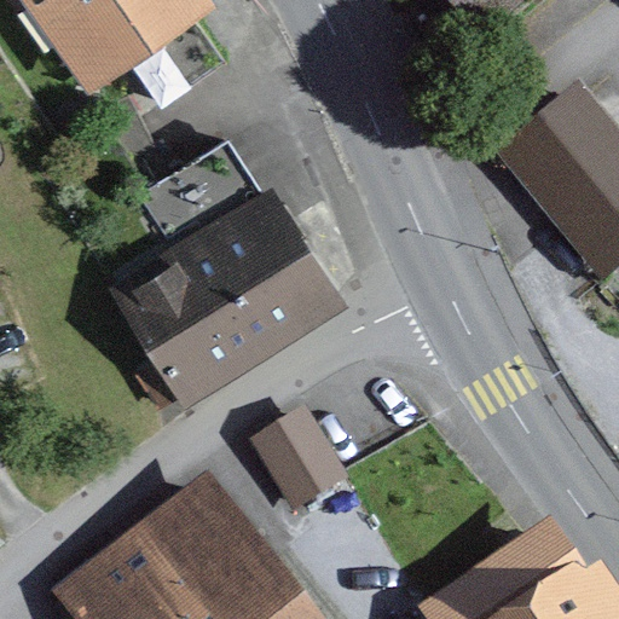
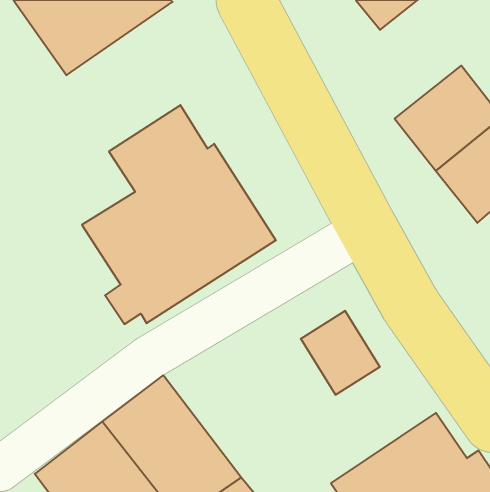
building: [253,403,352,508] -> [301,311,380,395]

